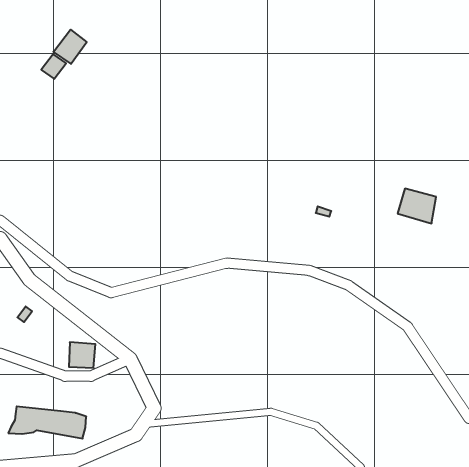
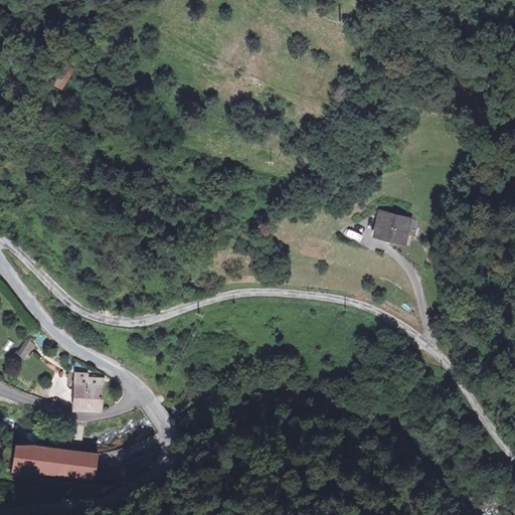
building: [53,30,87,64] -> none
building: [398,189,436,223] -> [369,206,411,244]

